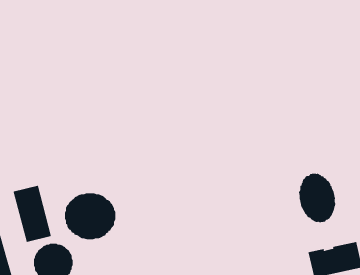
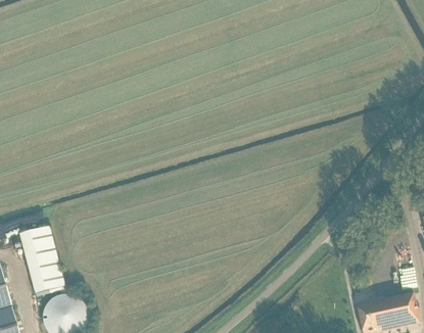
building: [298,173,336,223] -> none
building: [64,192,116,240] -> none

